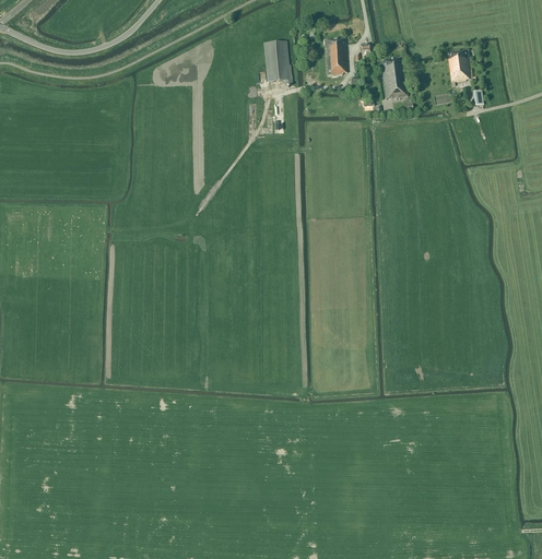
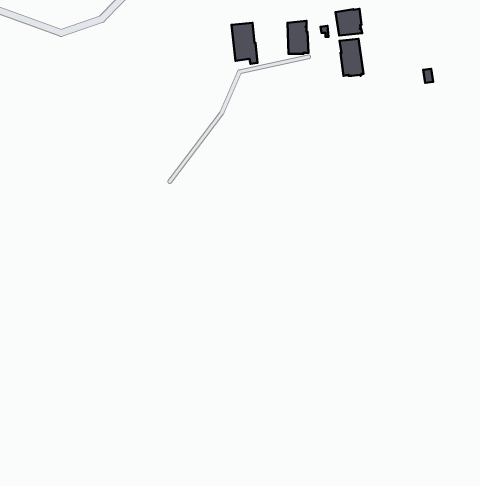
building: none -> [336,9,362,35]
building: [447,49,472,82] -> none

